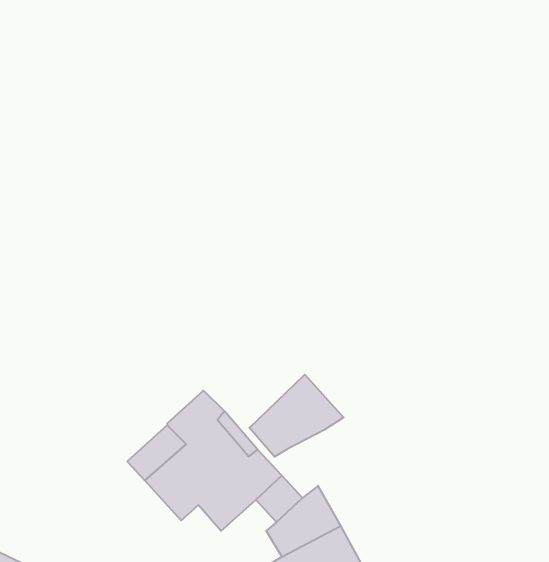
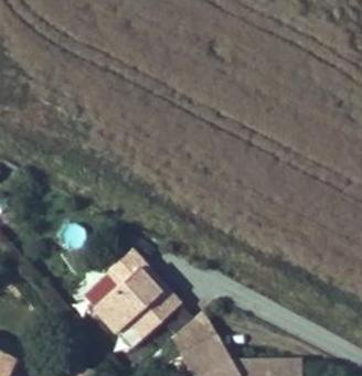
building: [249,375,344,457] -> none

